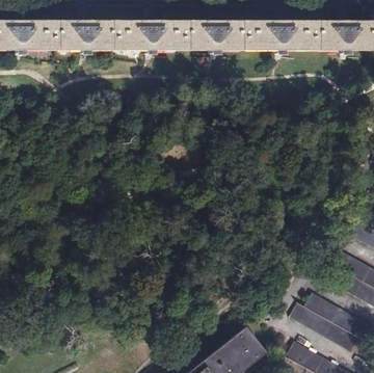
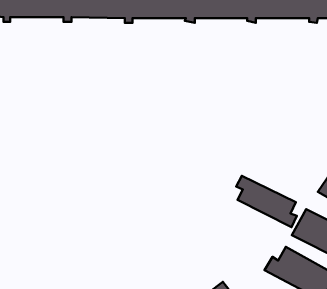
building: none -> [236,176,297,227]

